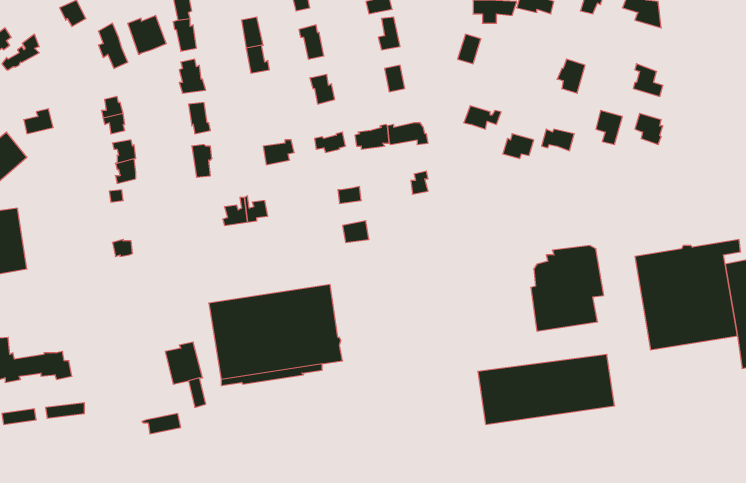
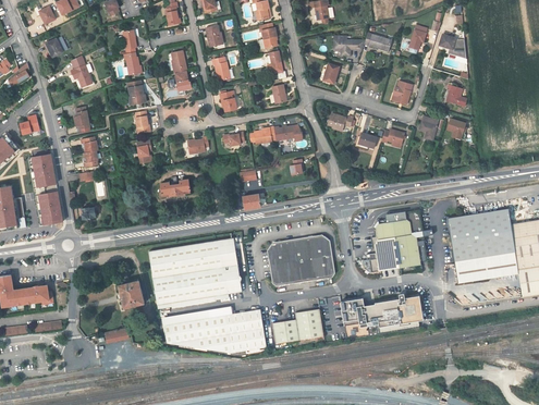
building: [128,15,166,55] -> none
building: none -> [30,155,63,225]
building: none -> [267,235,334,286]
building: none -> [271,309,323,344]
building: none -> [162,311,266,354]

